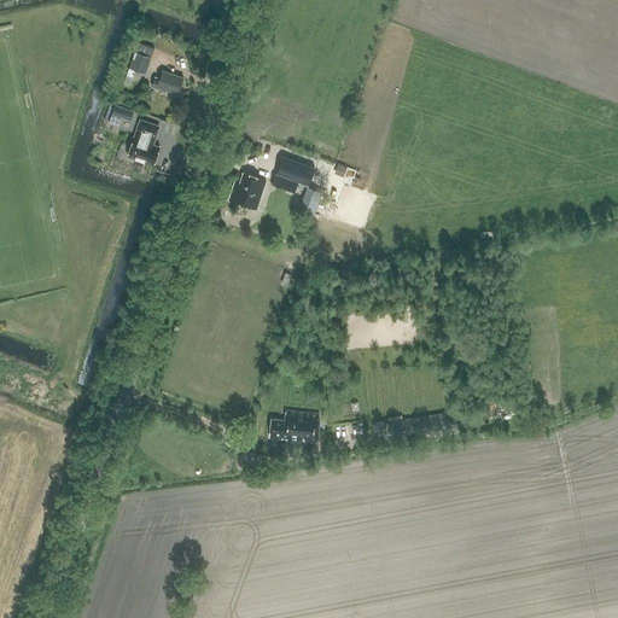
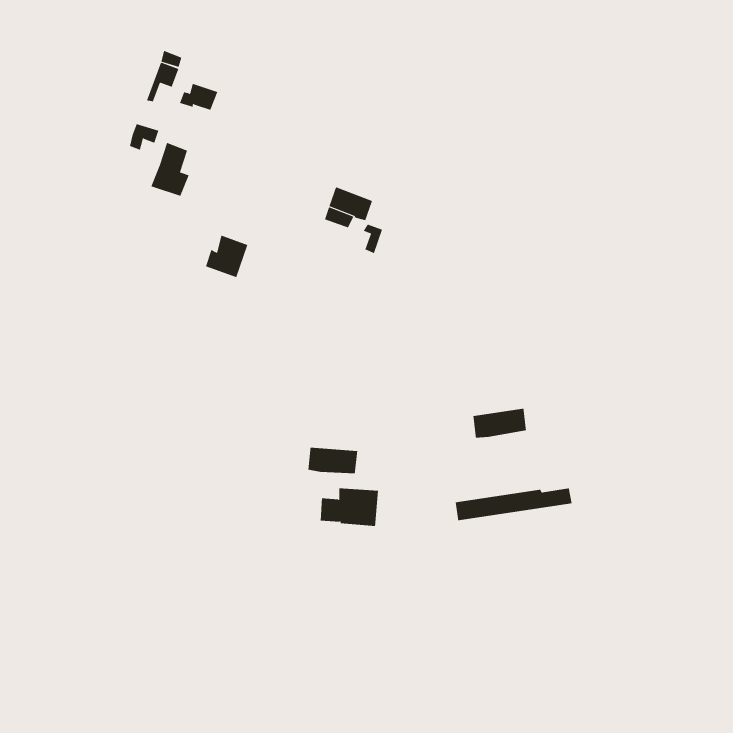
building: [228,173,264,209] -> [205,235,248,278]
building: none -> [473,408,527,438]
building: none -> [308,447,358,474]

